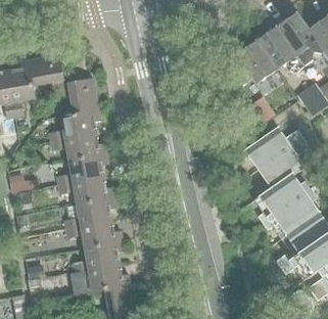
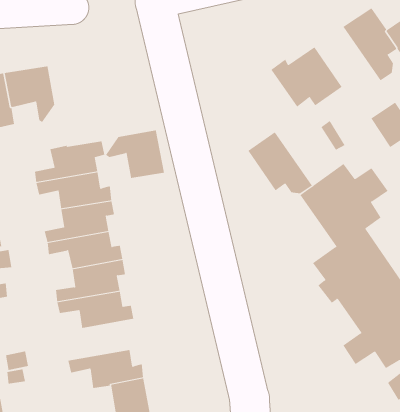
building: [255,26,303,72] -> [247,131,313,194]
building: [55,78,99,113] -> [105,130,165,178]
building: [73,240,125,271] -> none

